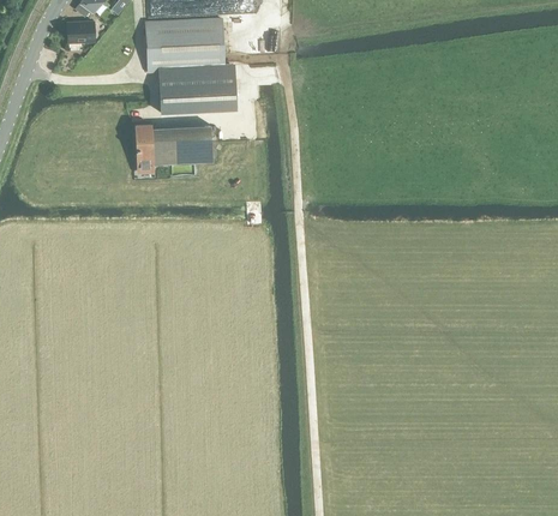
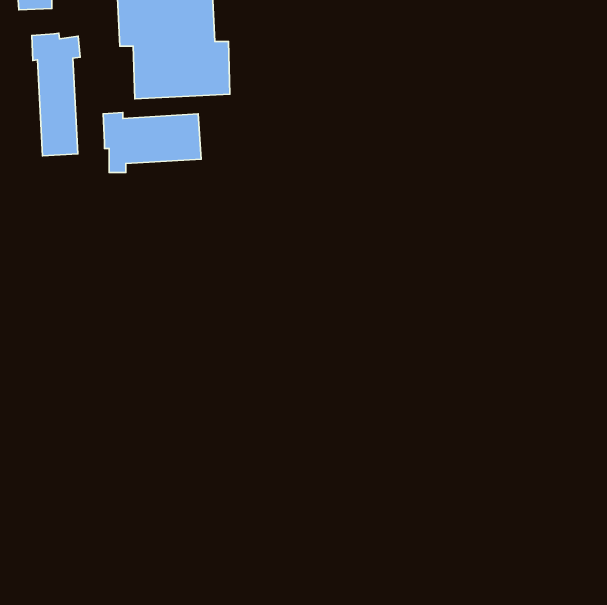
building: none -> [32,33,80,156]

